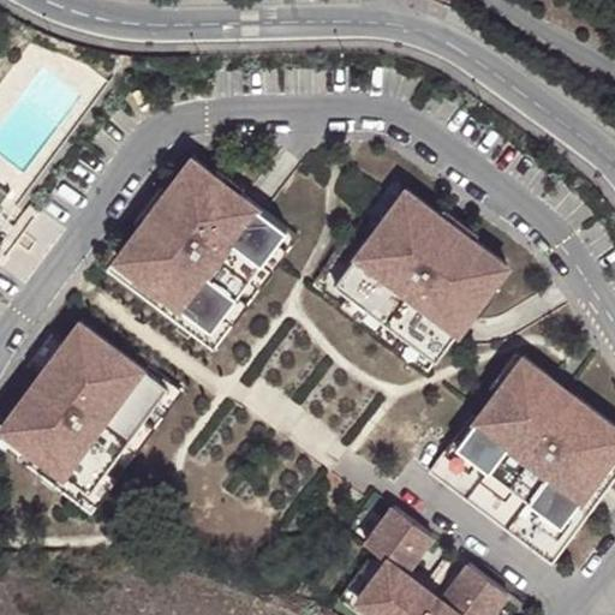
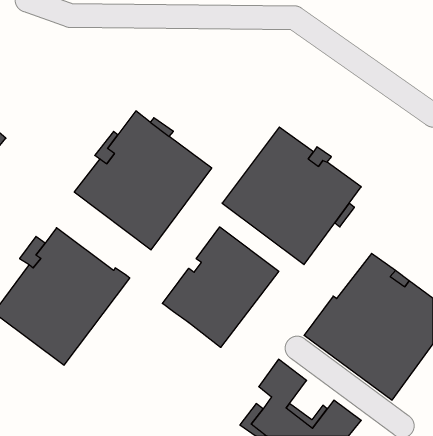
building: none -> [162,227,279,347]

